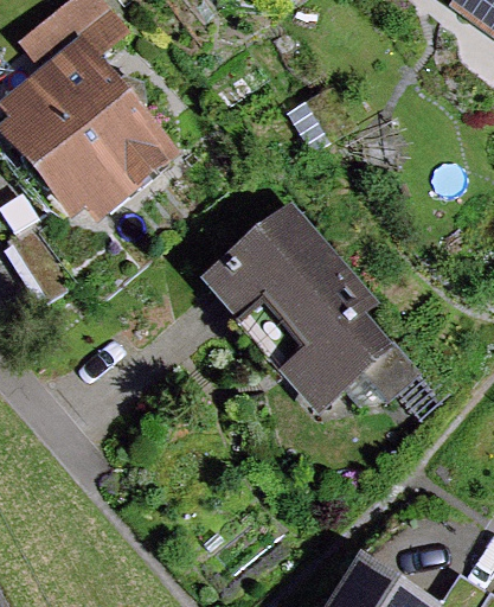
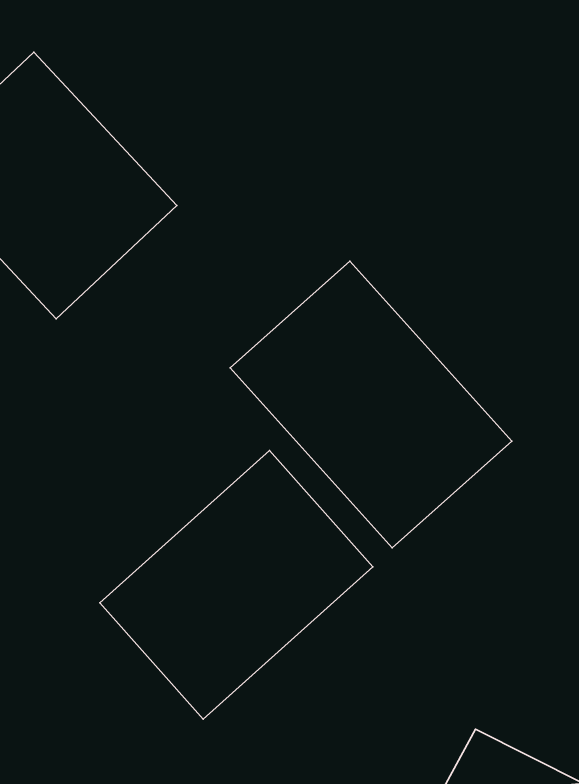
building: none -> [100,451,373,719]

